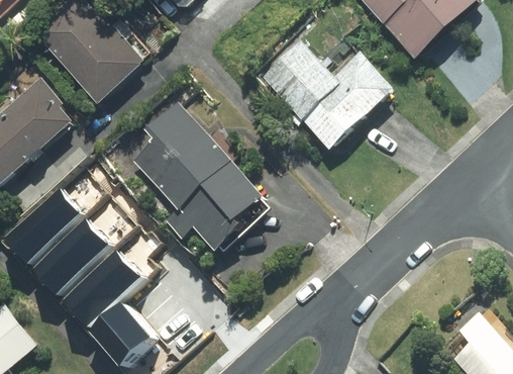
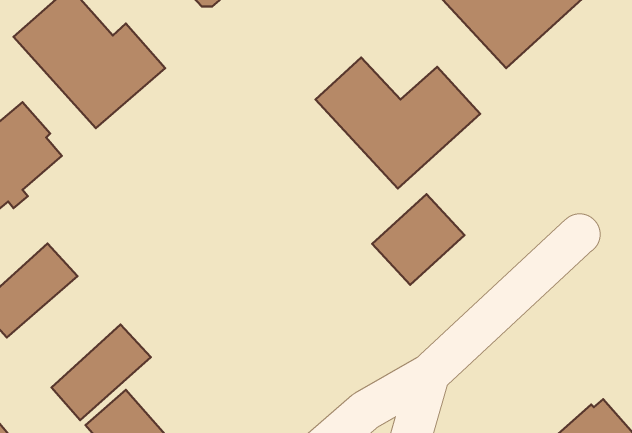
building: [134,106,272,252] -> none
building: none -> [372,194,464,285]
building: [33,219,110,293] -> none

